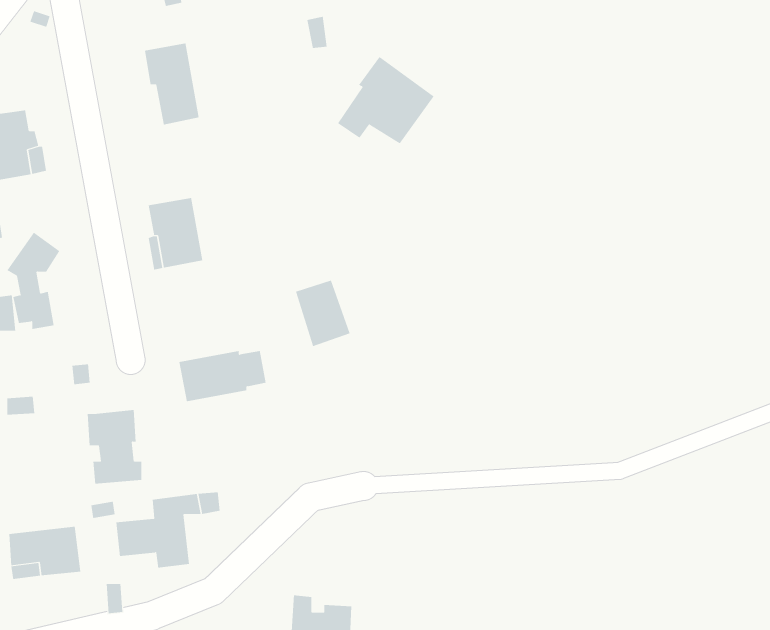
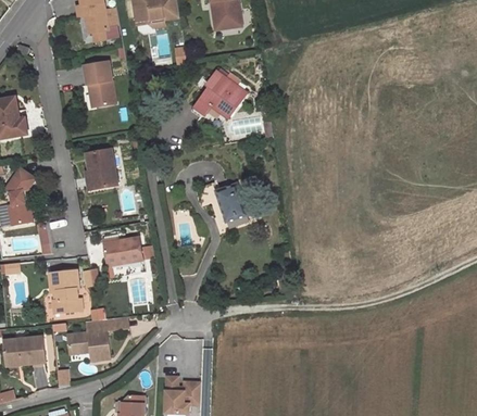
building: [295,280,351,347] -> [215,184,247,222]

